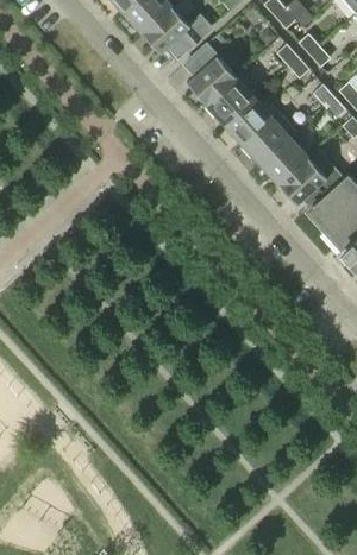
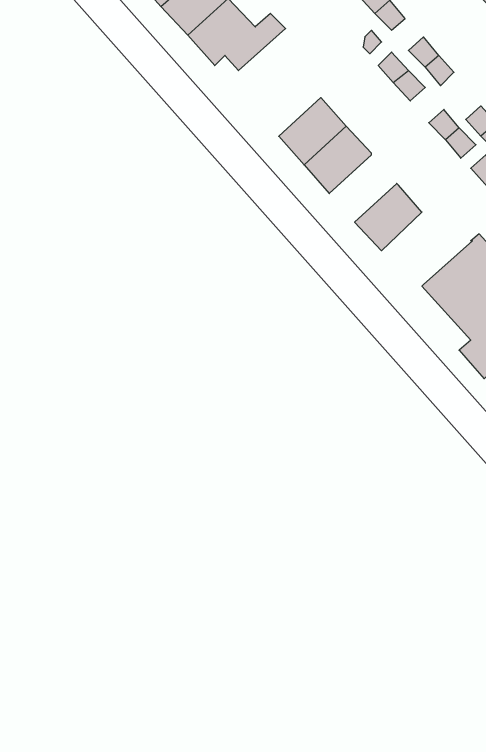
building: [186,45,237,105] -> none
building: [243,112,298,165] -> none
building: [280,158,344,209] -> none

